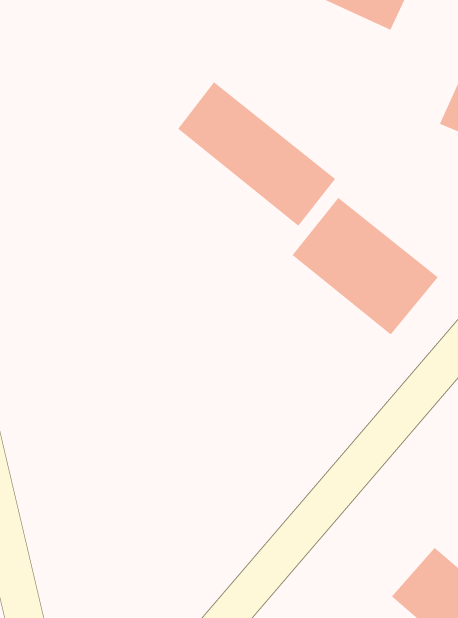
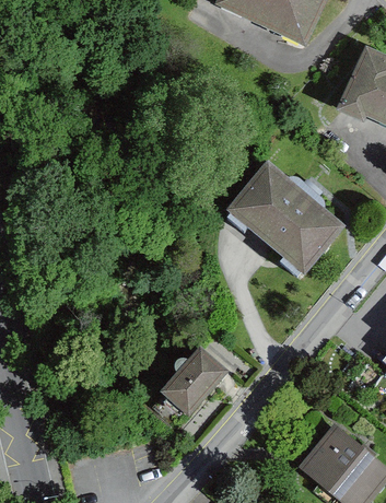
building: [177,81,336,227] -> none
building: none -> [166,353,224,412]

